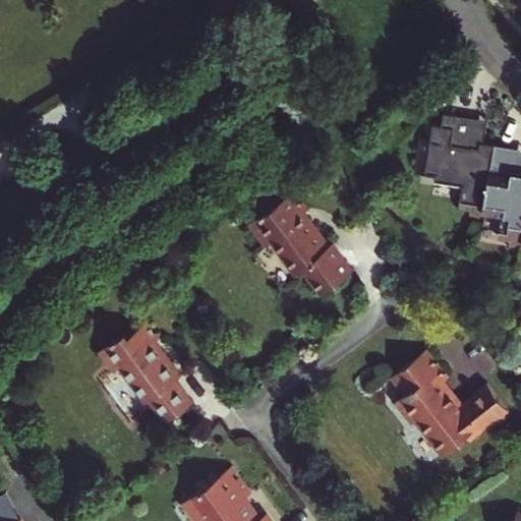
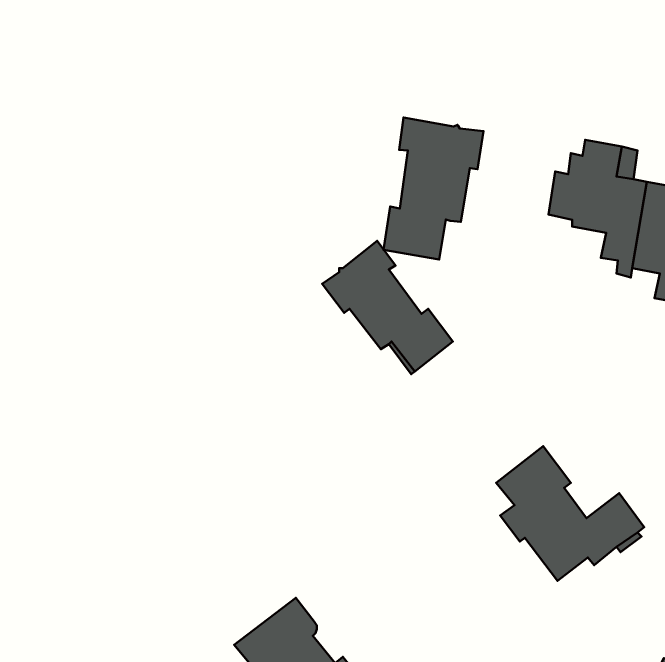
building: none -> [384,117,484,259]
building: [95,326,188,425] -> none

